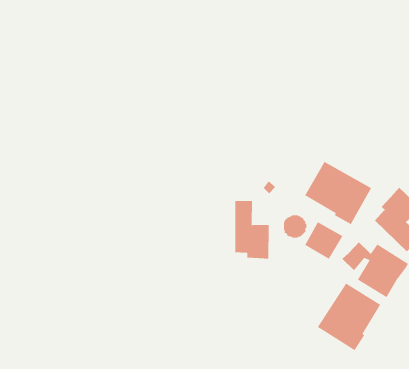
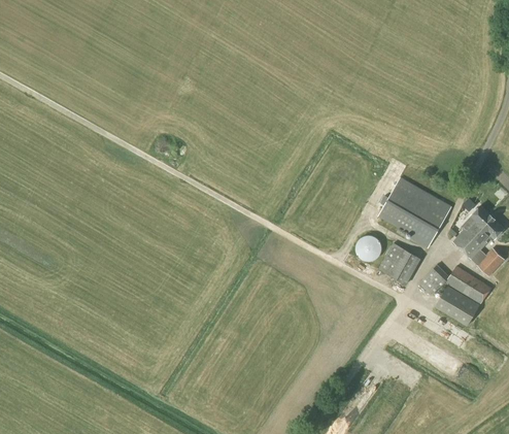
building: [235,200,269,259] -> none
building: [317,282,381,351] -> none

